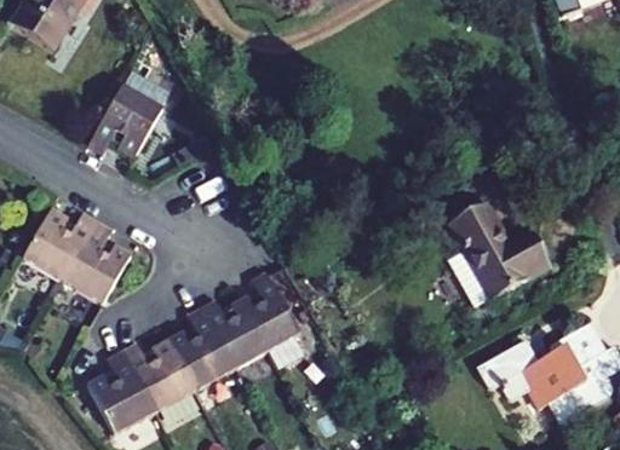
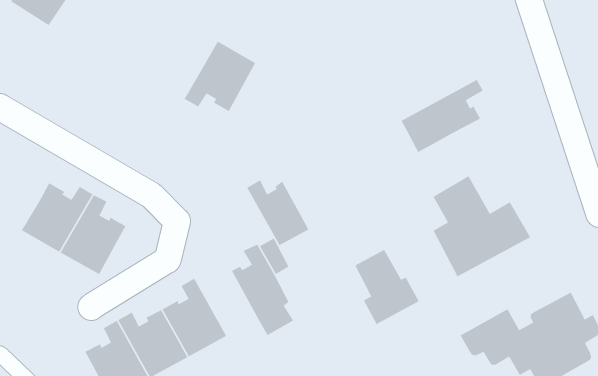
building: [87,83,162,157] -> [183,41,256,112]
building: none -> [400,79,484,153]
building: none -> [354,249,420,325]
building: [202,298,268,367] -> [246,179,310,246]

